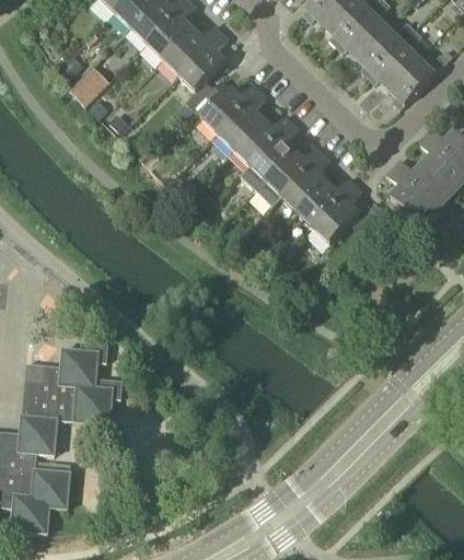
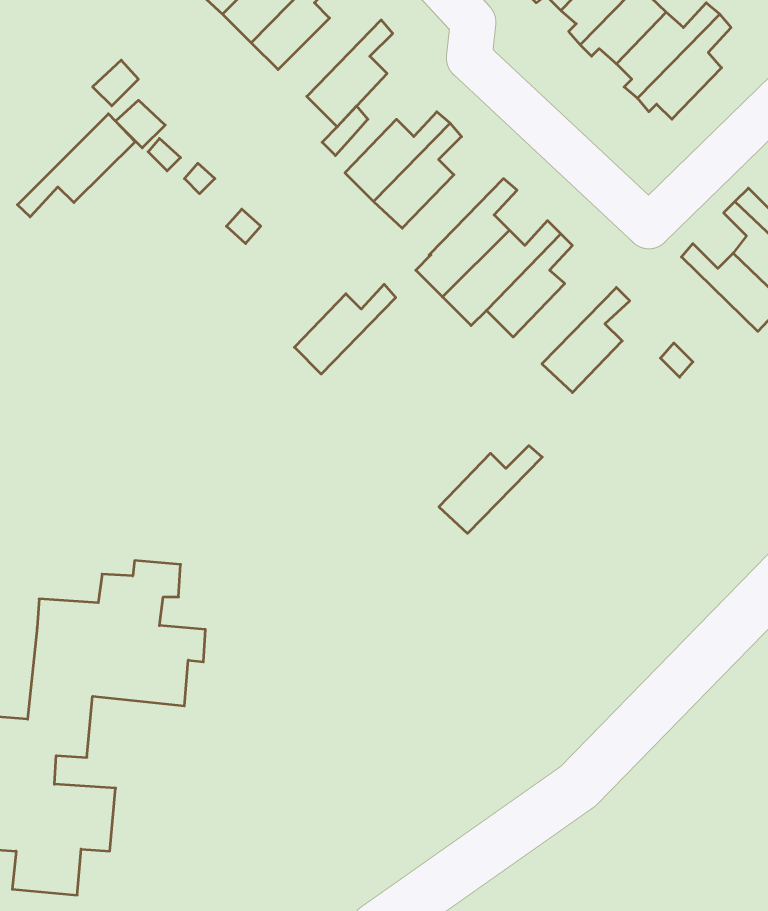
building: [162,24,221,74] -> none
building: [387,58,433,108] -> none
building: none -> [17,114,135,217]
building: [233,114,291,165] -> [294,284,396,374]
building: [385,166,437,225] -> none
building: [297,177,356,228] -> [439,446,542,533]

